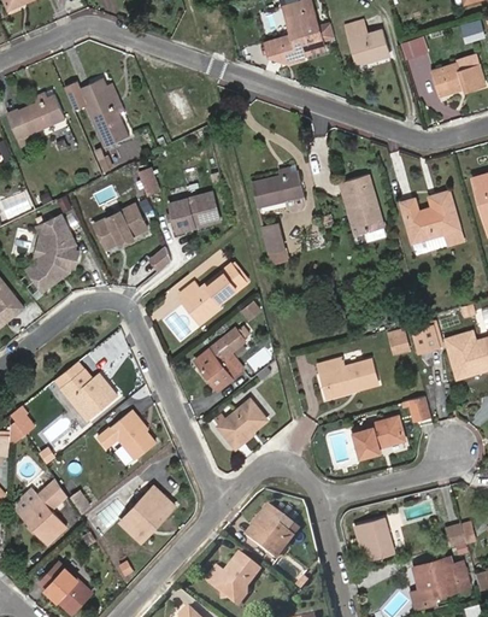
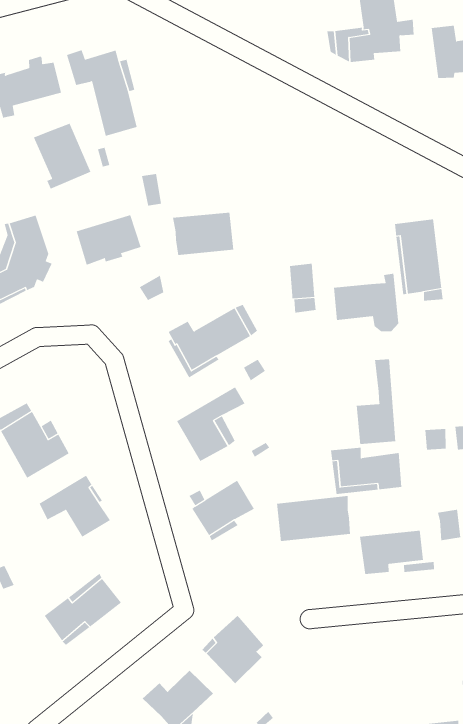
building: none -> [33,123,91,189]
building: [254,164,310,211] -> [333,273,399,332]
building: none -> [356,358,396,445]
building: none -> [276,495,350,542]
building: [353,519,392,563] -> none

